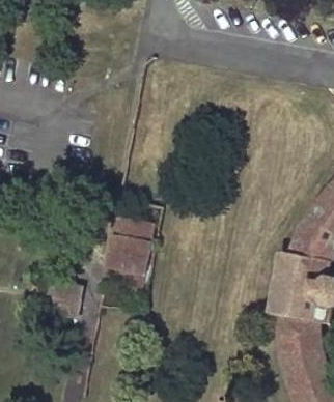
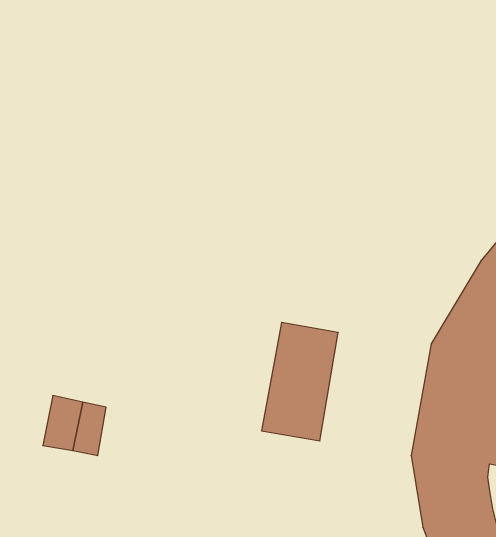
building: [108,219,156,292] -> [262,322,338,441]

